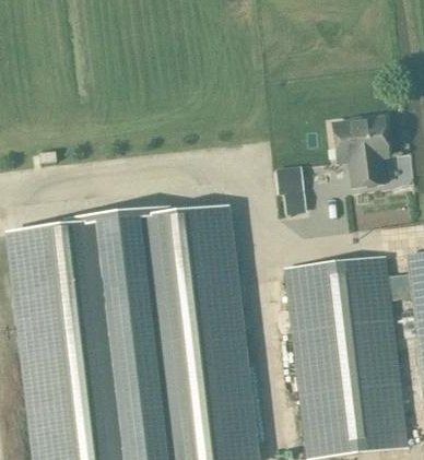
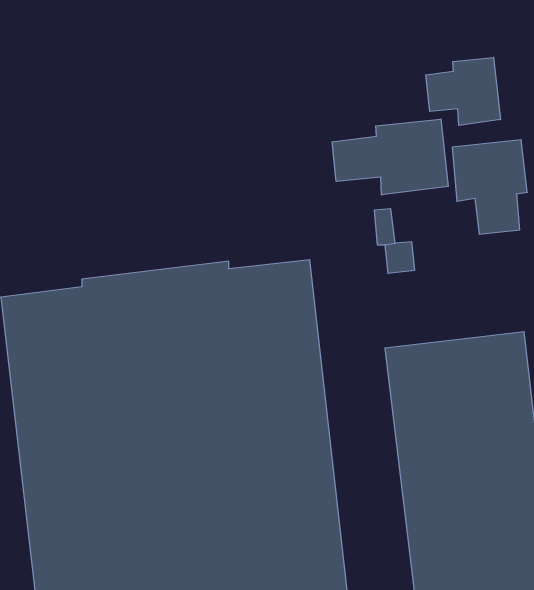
building: none -> [426,57,500,125]
building: none -> [332,119,448,195]

